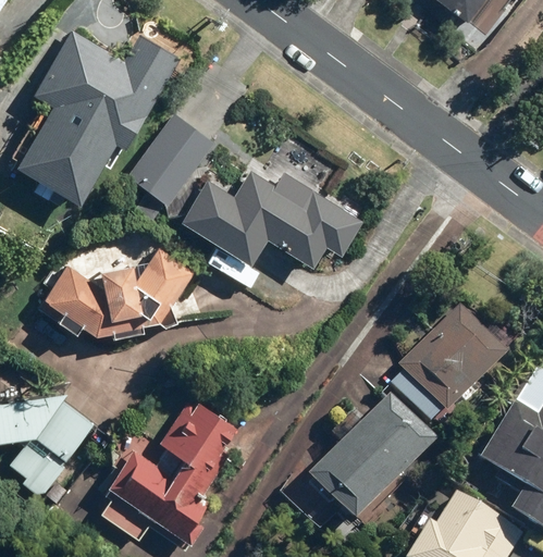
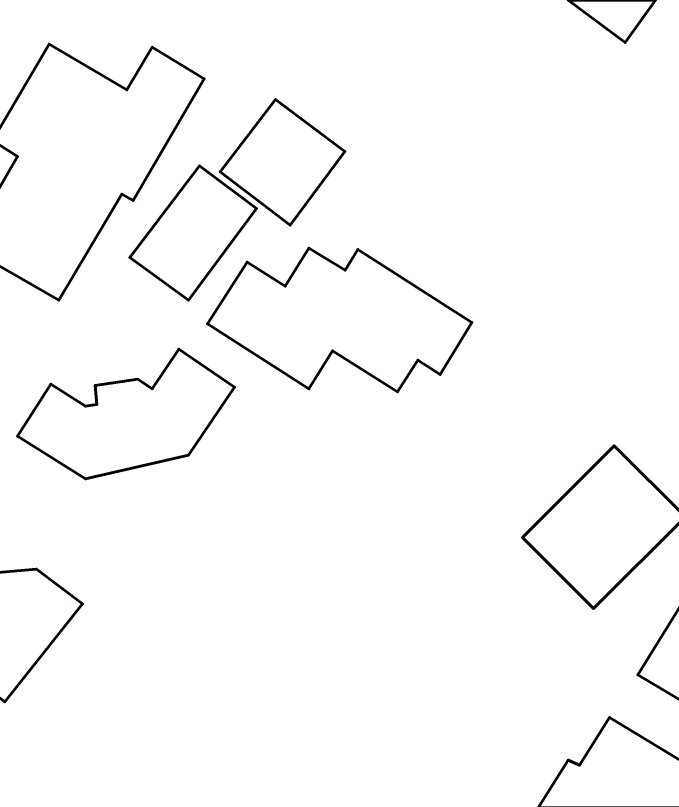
building: none -> [220,100,345,225]
building: [99,393,243,540] -> none
building: [306,396,439,528] -> none

